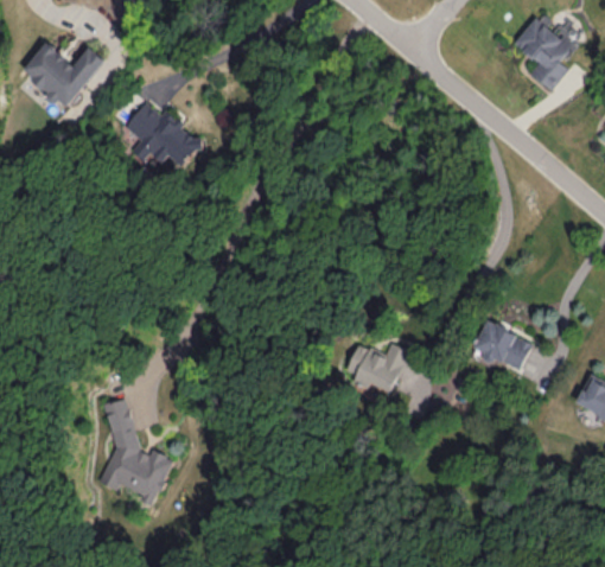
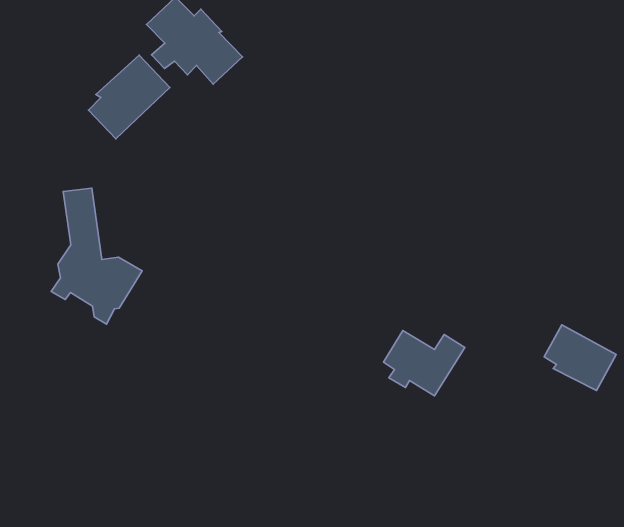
building: none -> [89,55,170,139]
building: [102,400,173,507] -> [51,188,142,324]

